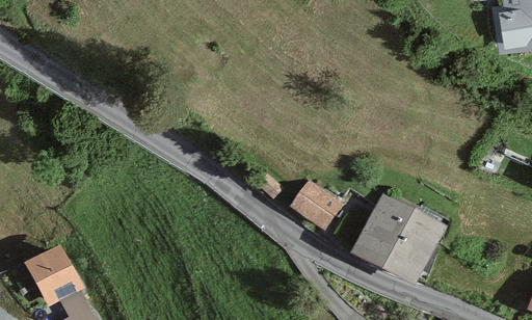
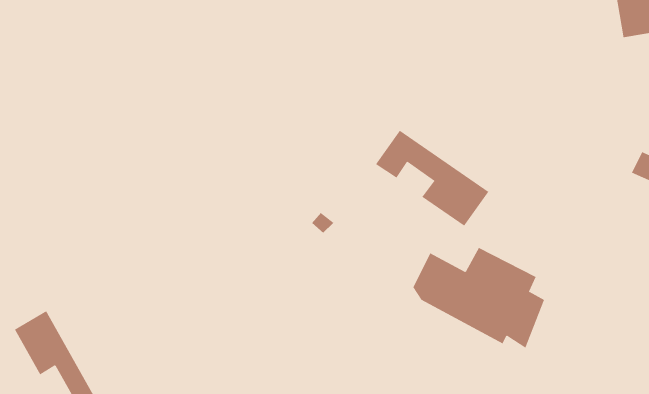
building: none -> [375,130,489,226]
building: [295,185,338,226] -> none

